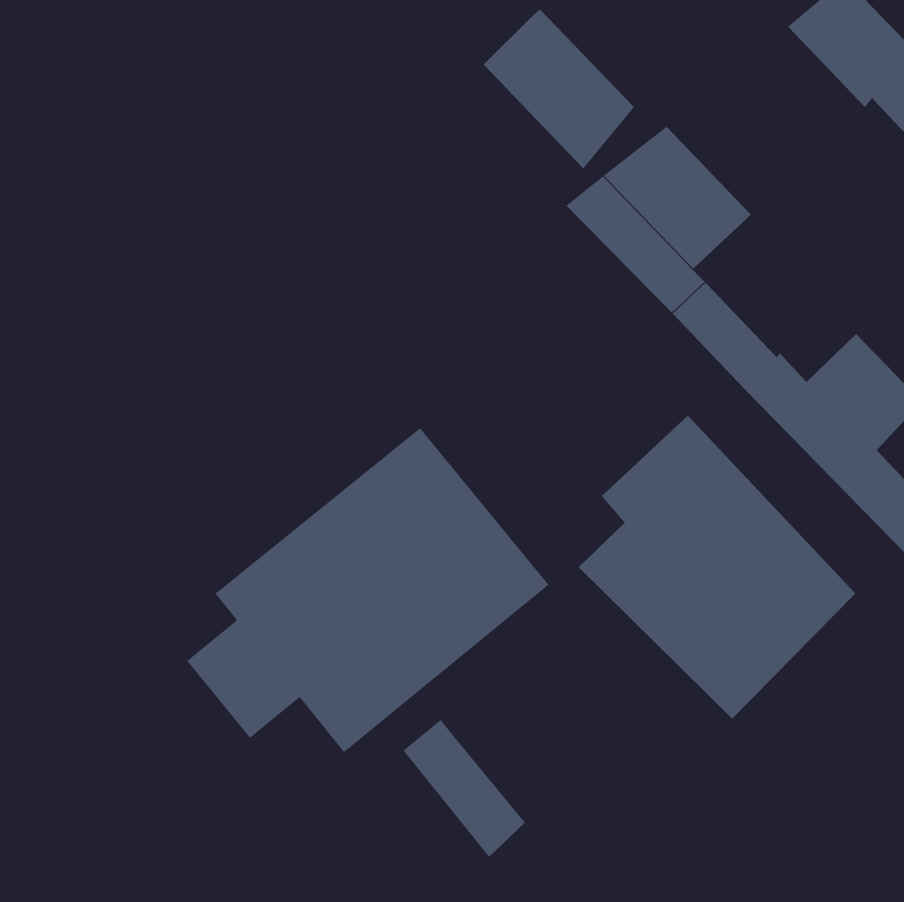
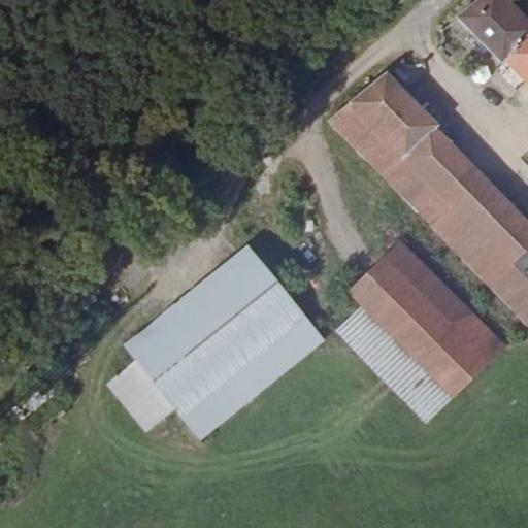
building: [483,8,635,170] -> none
building: none -> [404,129,499,222]
building: [403,719,526,858] -> none

